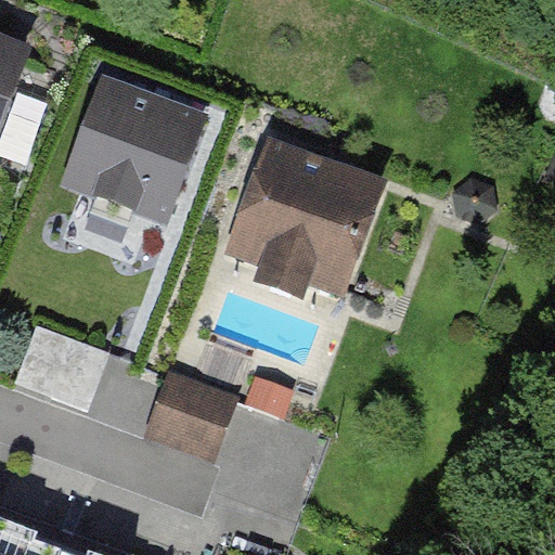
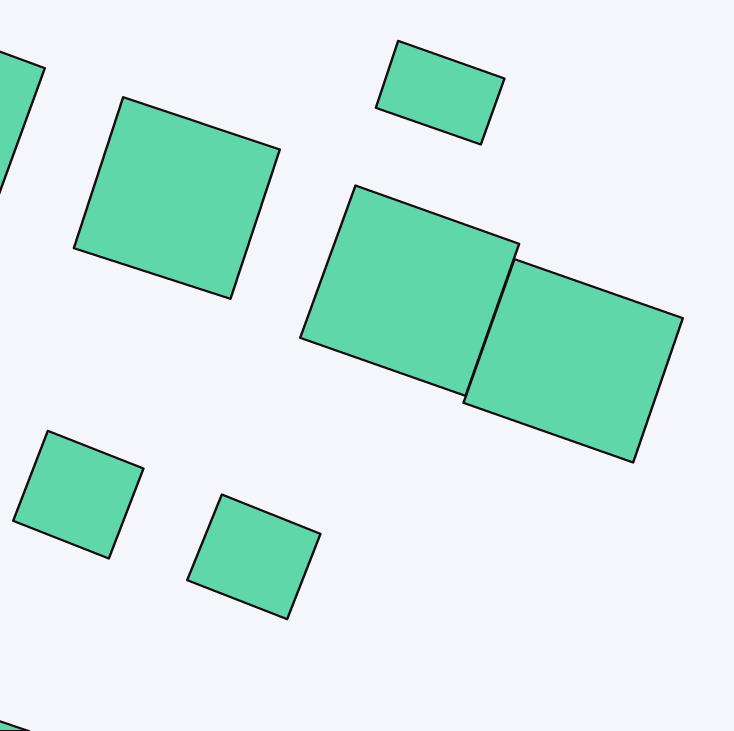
building: none -> [376,41,504,144]
building: none -> [464,259,683,462]

